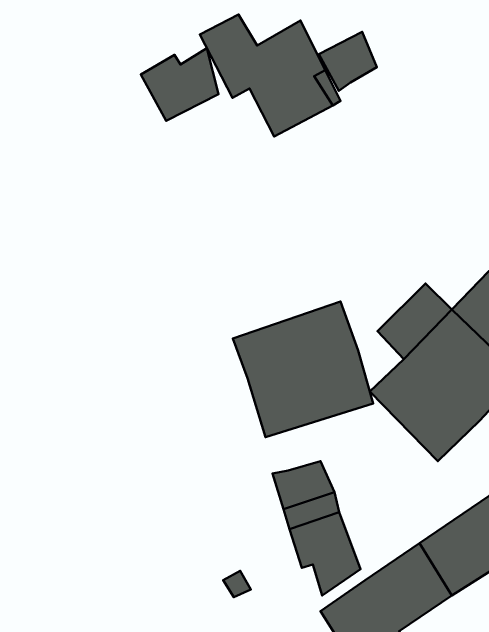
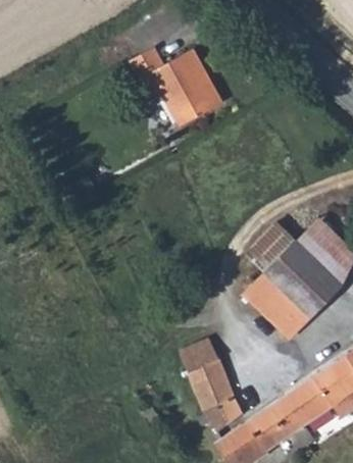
building: [319,32,377,91] -> none
building: [141,48,219,121] -> none
building: [233,302,373,437] -> none

